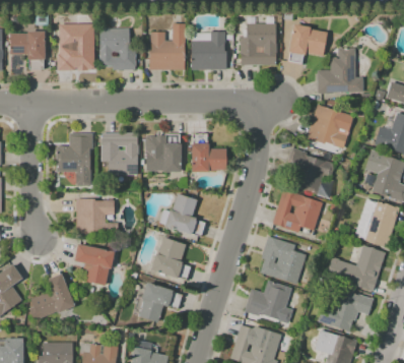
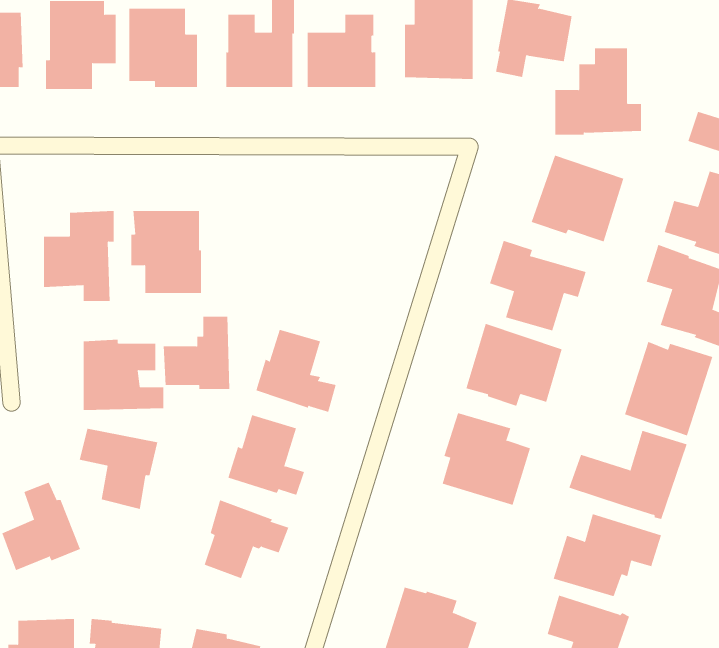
building: [146,133,181,171] -> [163,316,230,390]
building: [191,133,226,171] -> none
building: [244,280,292,324] -> none

